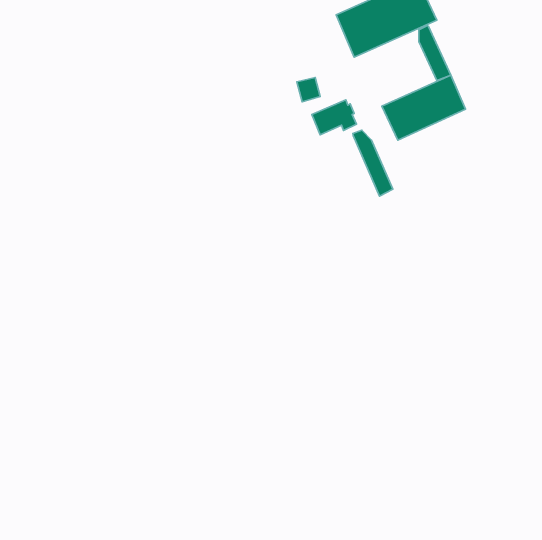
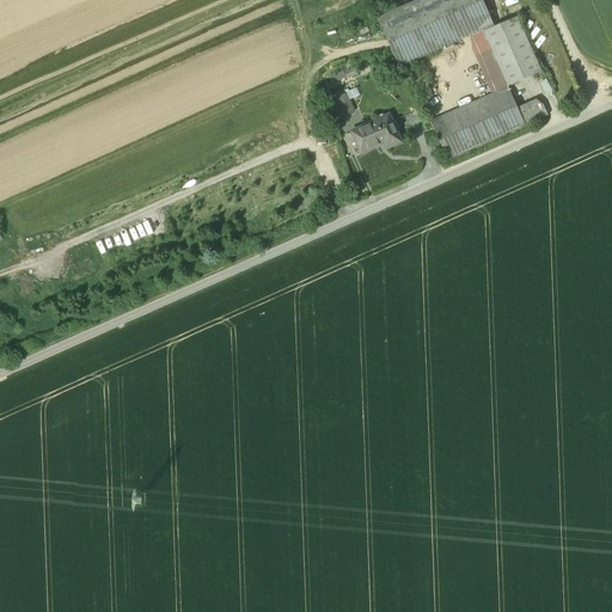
building: none -> [484,16,541,85]
building: [353,130,393,196] -> none

